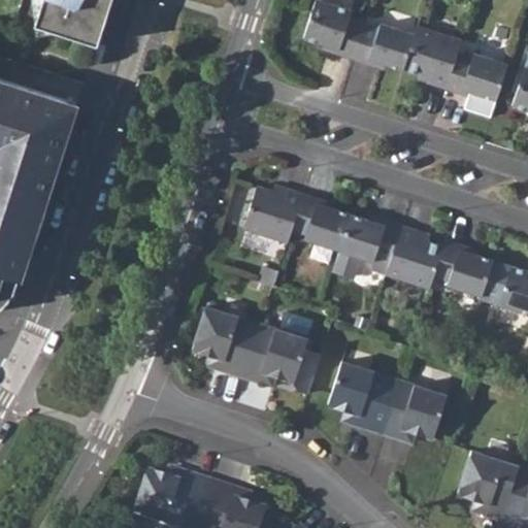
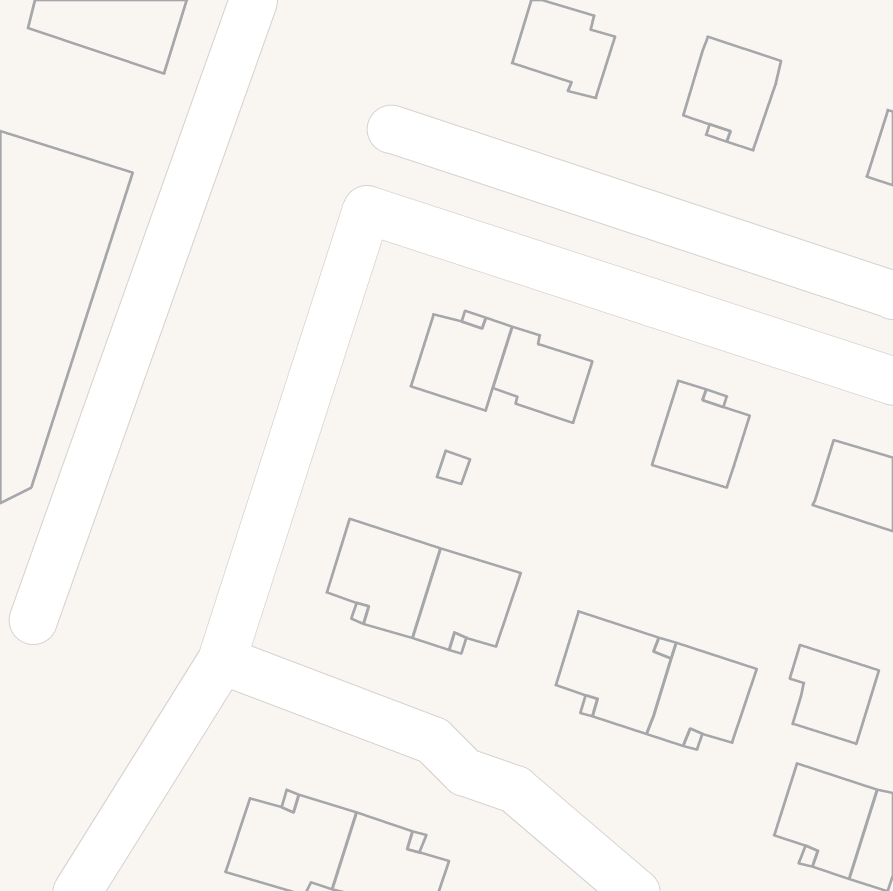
building: [352,21,415,70] -> none
building: [444,51,507,101] -> none
building: [332,214,400,276] -> none
building: [433,239,492,297] -> none
building: none -> [790,645,879,744]

